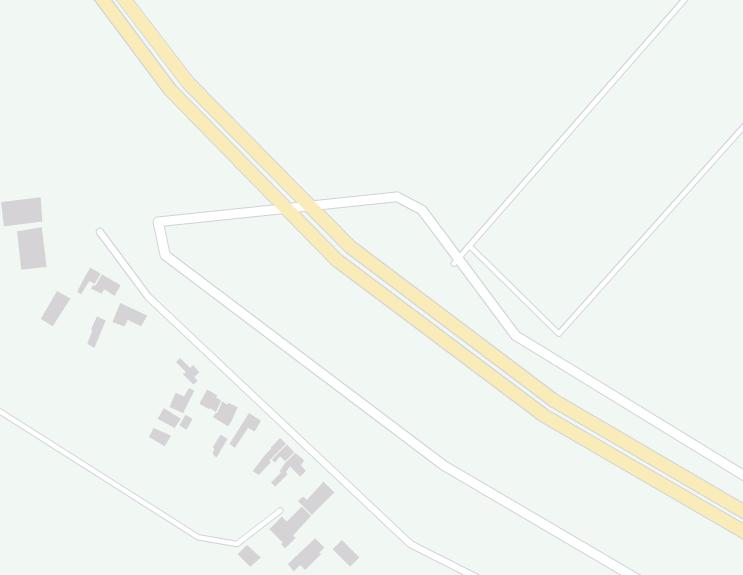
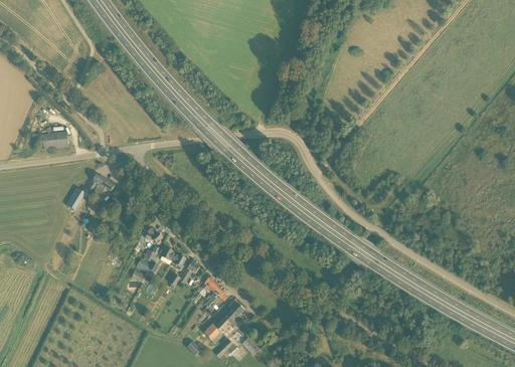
building: [16,227,47,270] -> none

